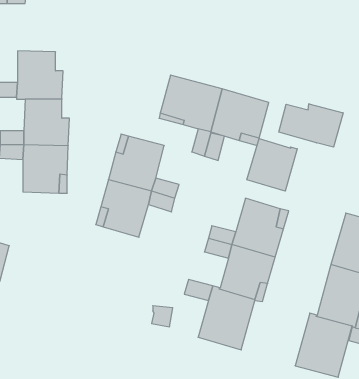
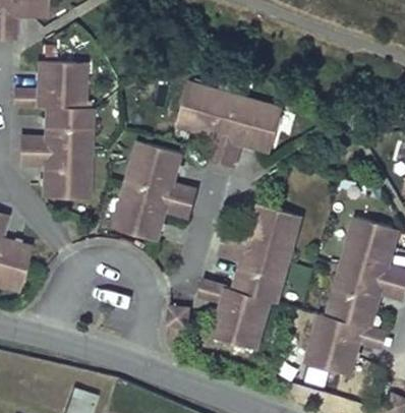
building: [279,104,343,147] -> none
building: [247,139,297,191] -> none

